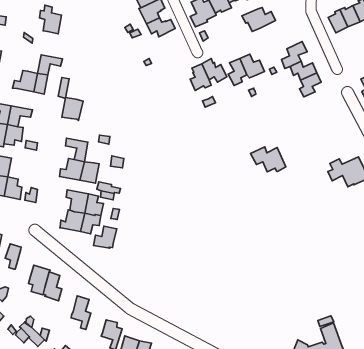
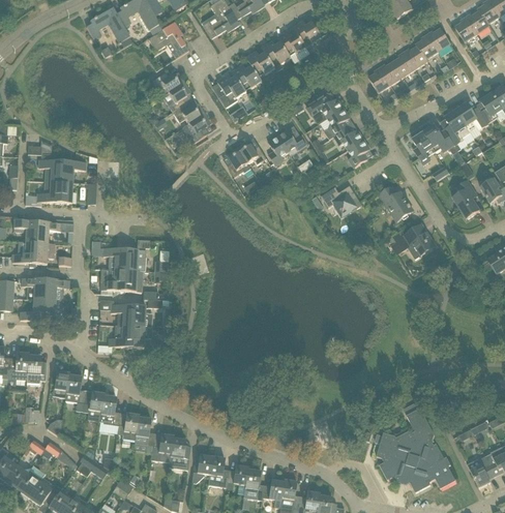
building: [39,5,62,34] -> [37,152,61,181]
building: [242,7,276,32] -> [305,94,343,122]
building: none -> [181,112,209,143]
building: [62,98,83,120] -> [124,248,145,271]
building: none -> [378,185,413,219]
building: [251,147,286,172] -> [321,184,361,212]
building: none -> [43,277,68,299]
building: [93,226,117,248] -> none
building: none -> [64,374,85,402]
building: none -> [116,412,138,439]
building: none -> [150,433,173,461]

